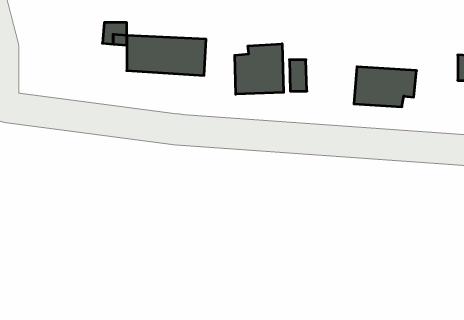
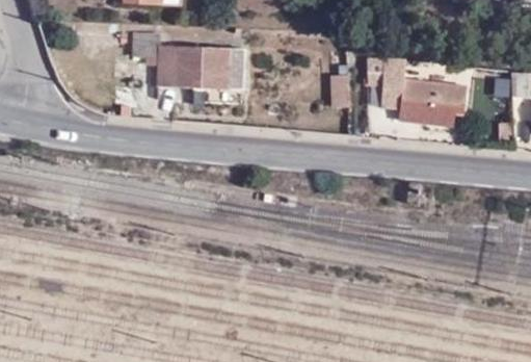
building: [235,44,284,94] -> none
building: none -> [367,56,406,85]

